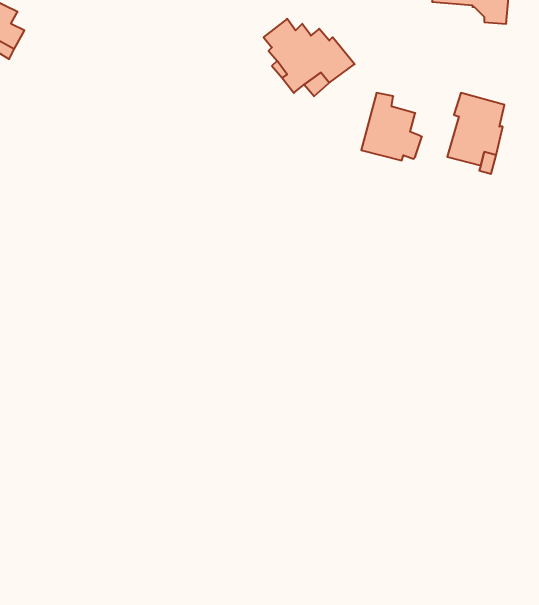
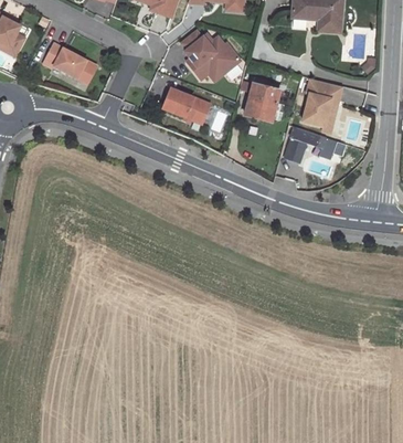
building: none -> [43,42,86,77]
building: none -> [162,87,209,123]
building: none -> [285,128,337,164]

